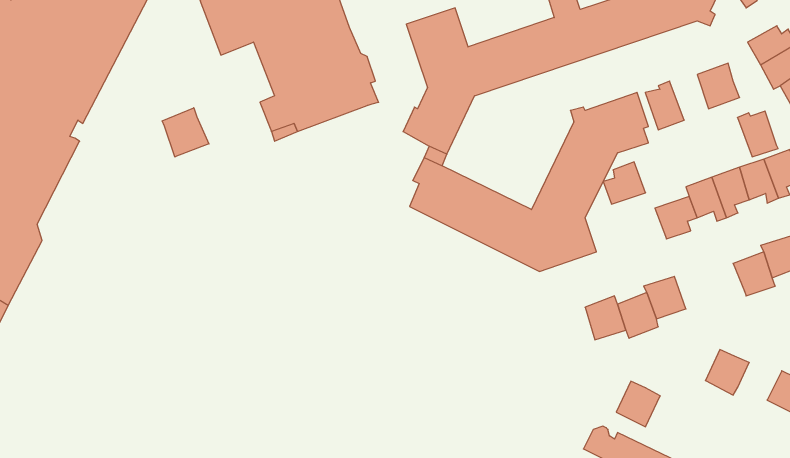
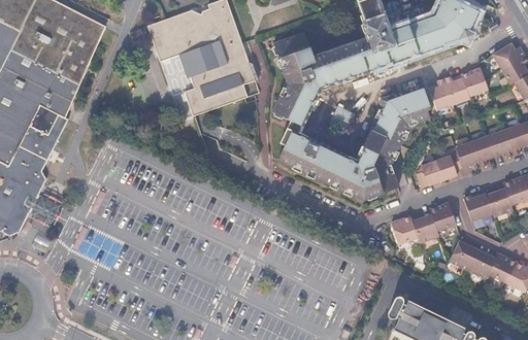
building: [162,108,209,157] -> none
building: [737,111,778,157] -> [443,74,469,103]
building: [603,162,646,204] -> [415,159,441,185]
building: none -> [461,189,491,219]
building: none -> [487,252,515,280]
building: [616,381,660,427] -> [448,239,475,268]

